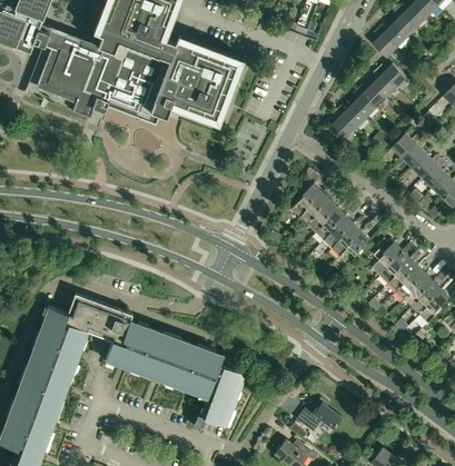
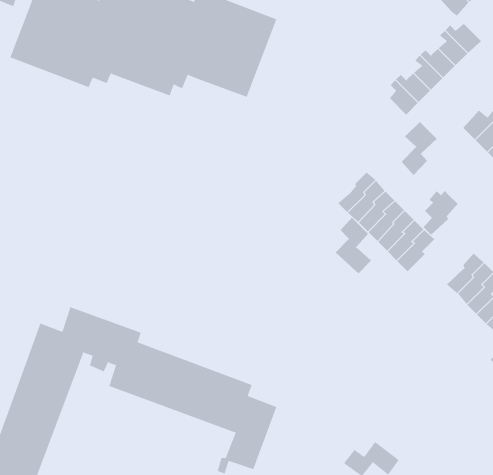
building: none -> [401,121,438,176]
building: none -> [335,217,372,274]
building: [373,239,402,276] -> [423,190,459,236]

